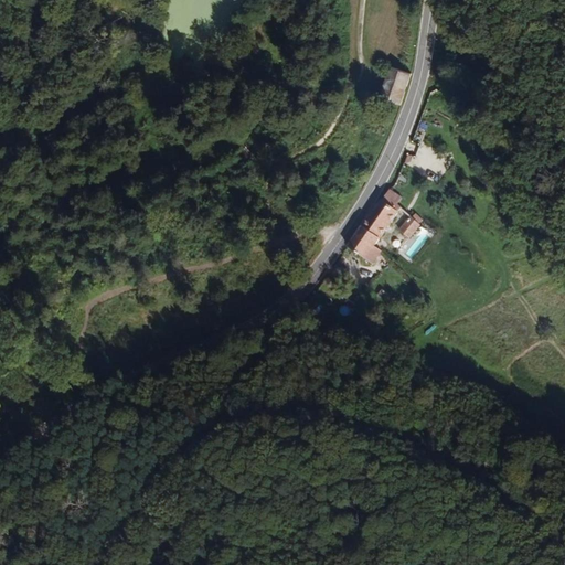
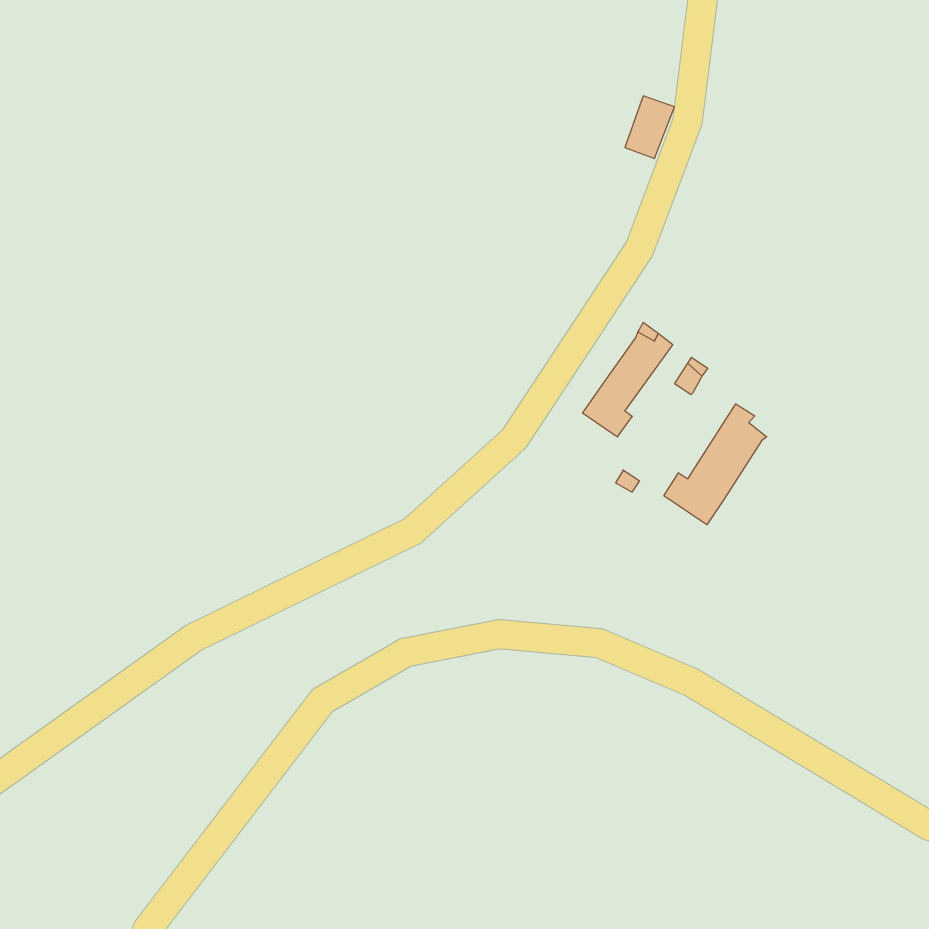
building: none -> [664,404,767,525]

